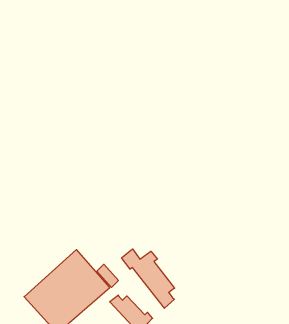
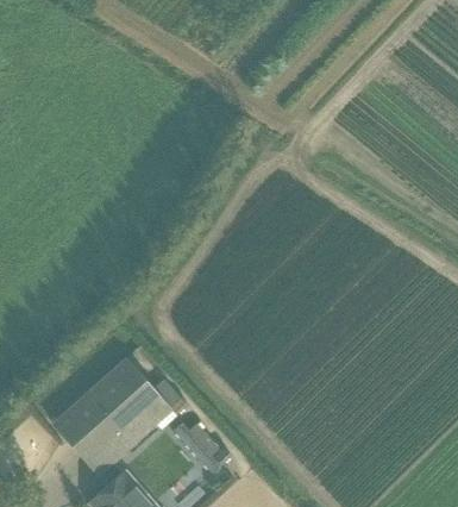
building: [122,249,175,308] -> none

